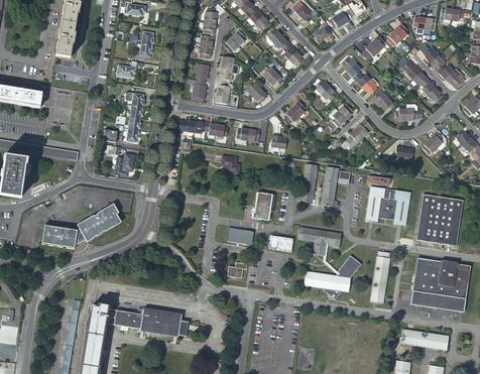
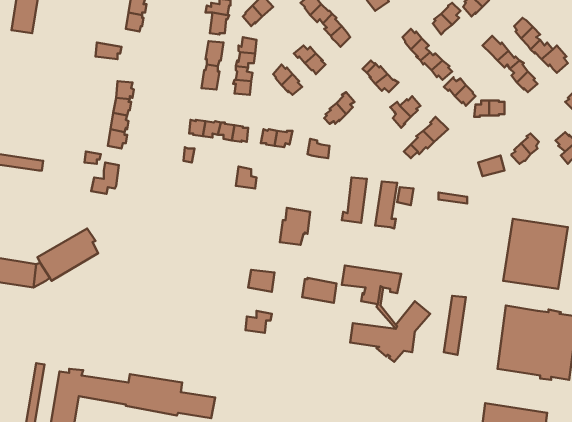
building: [365,184,409,224] -> none

